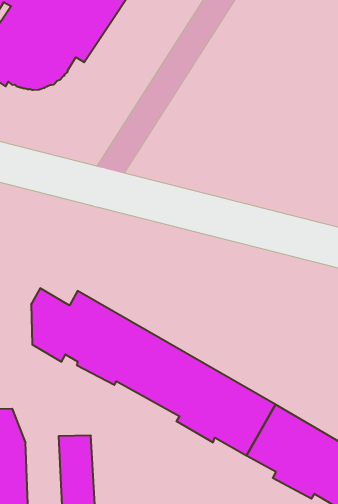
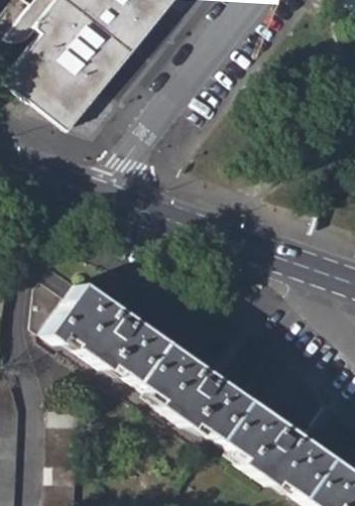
building: none -> [36,78,107,127]

